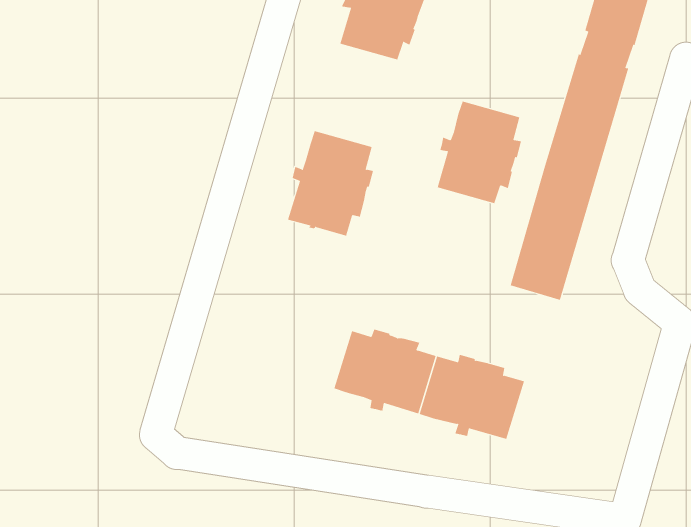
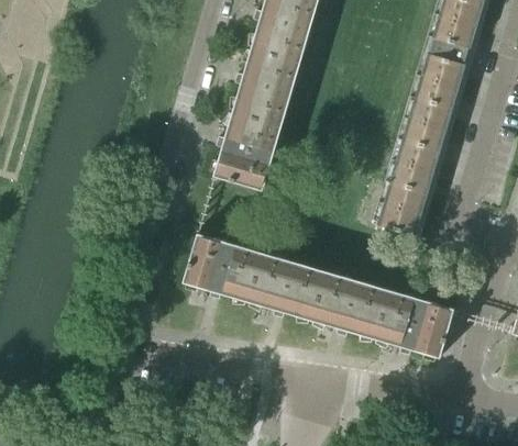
building: [437,101,522,204] -> [234,45,297,121]
building: none -> [184,236,262,299]
building: none -> [376,292,453,356]

